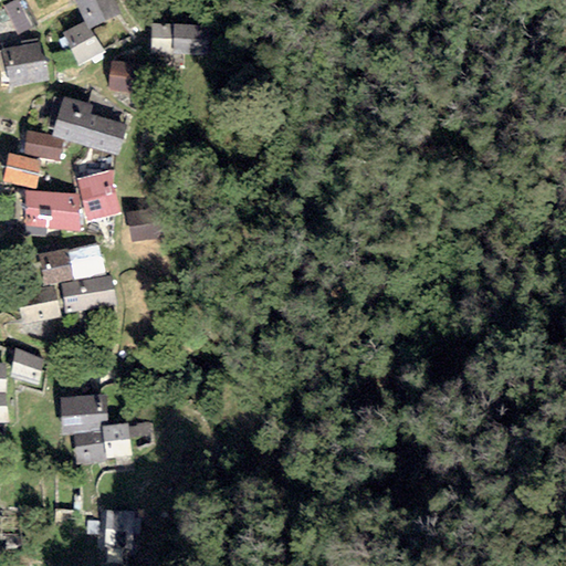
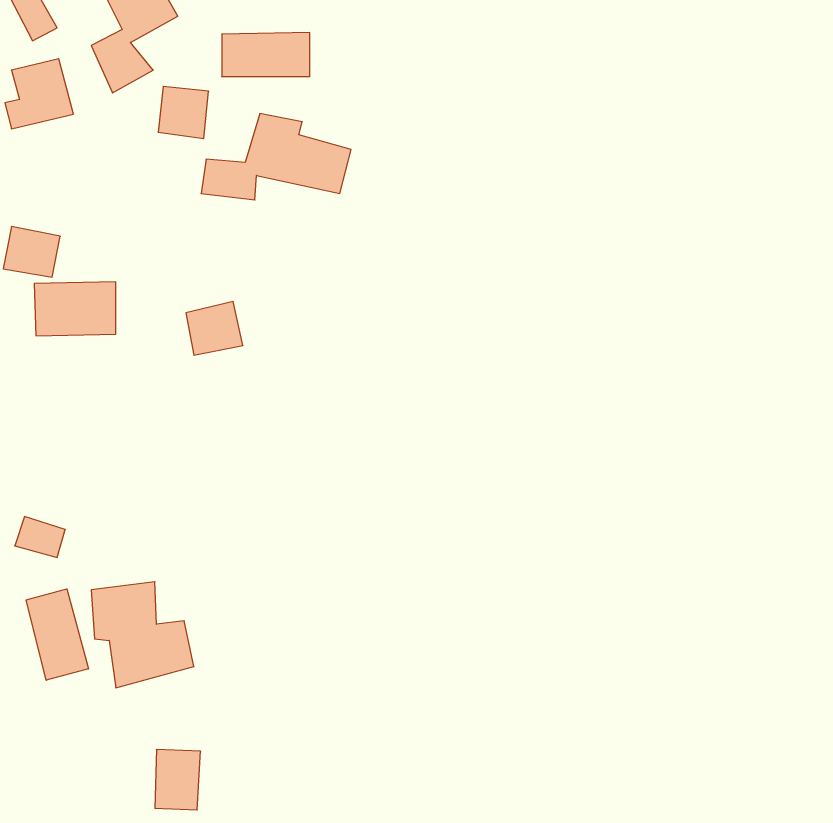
building: [23,98,125,157] -> [201,114,351,200]
building: [76,170,119,221] -> none
building: [15,241,115,323] -> none
building: none -> [26,589,89,680]

